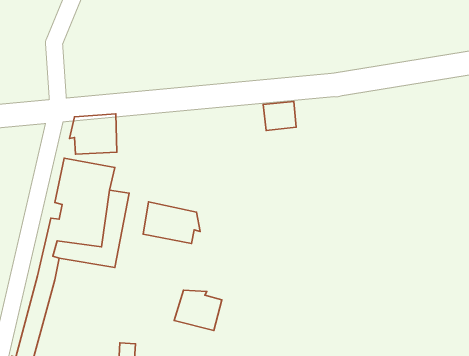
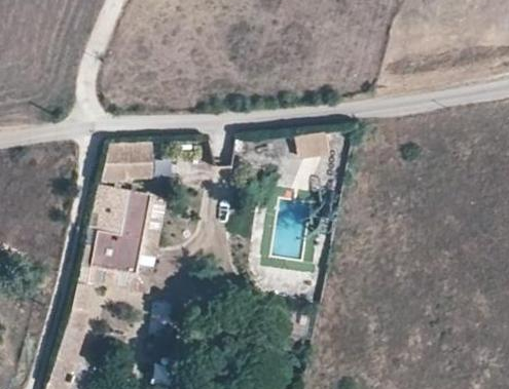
building: [143,202,200,244] -> none
building: [174,290,222,330] -> none

